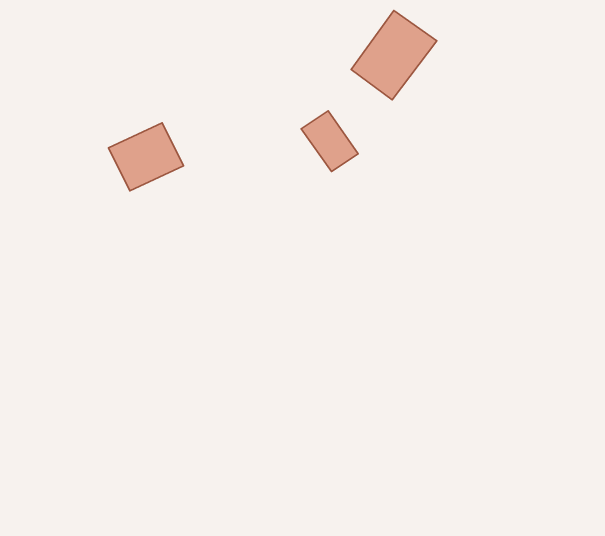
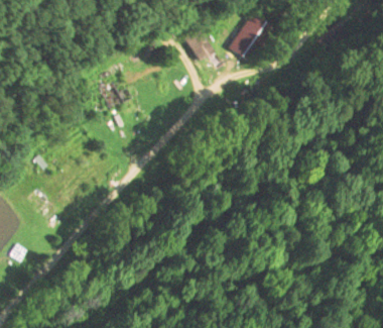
building: [301,111,358,172] -> [181,25,214,60]

